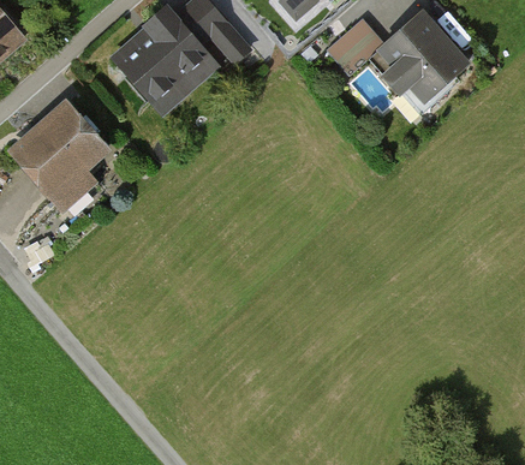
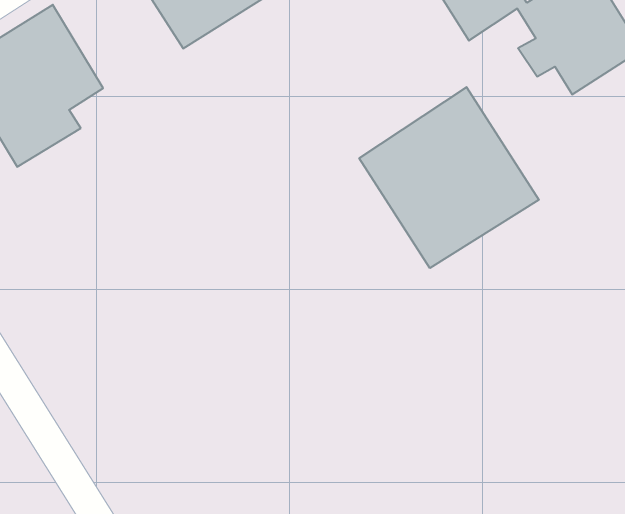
building: none -> [359,87,539,268]

